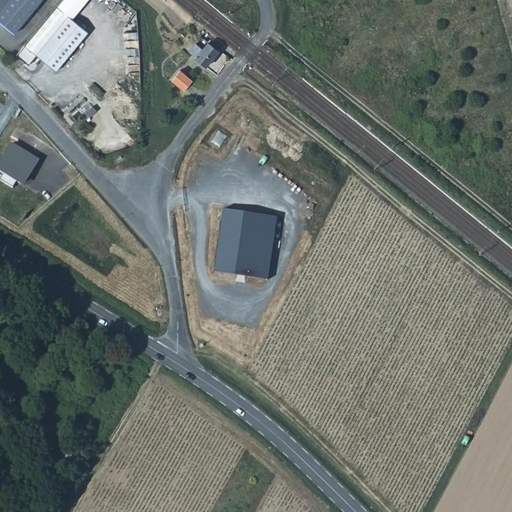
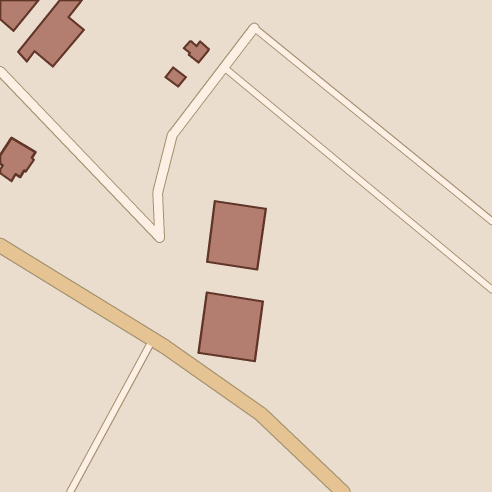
building: none -> [198,292,263,361]

